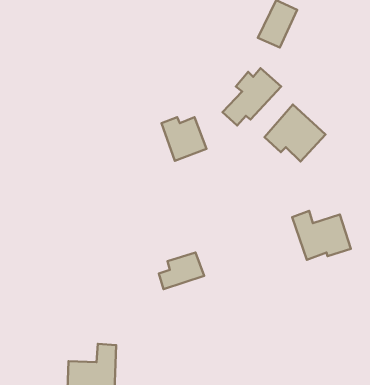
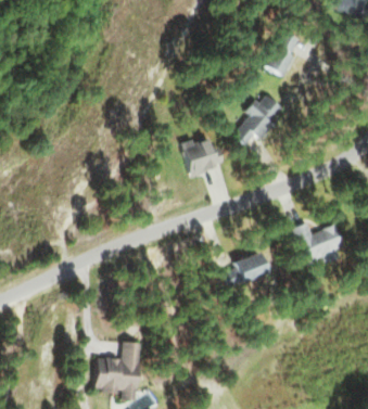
building: [265,105,325,161] -> none
building: [159,253,204,289] -> [226,254,266,286]

